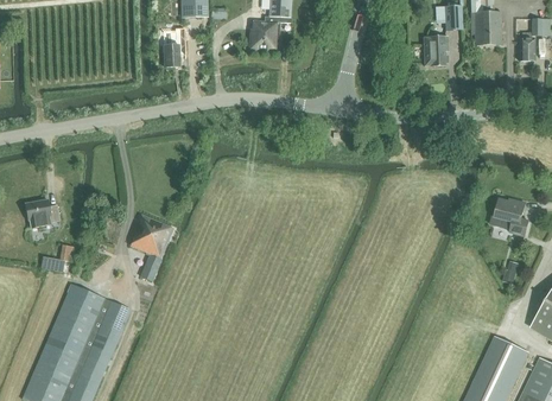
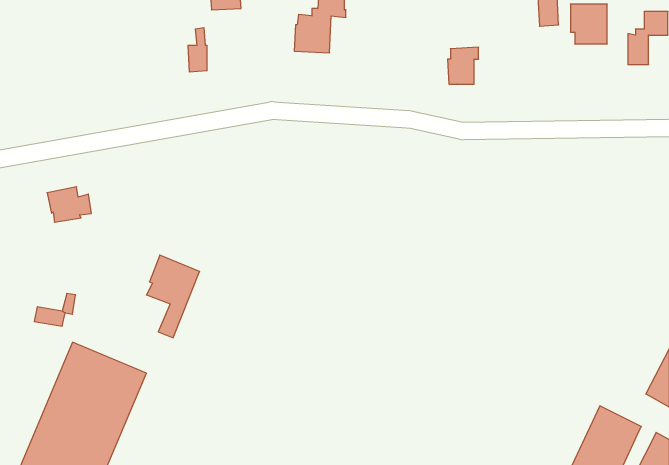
building: [423,37,448,66] -> [448,47,479,84]
building: [25,198,61,227] -> [47,187,91,222]
building: [489,198,528,235] -> none

